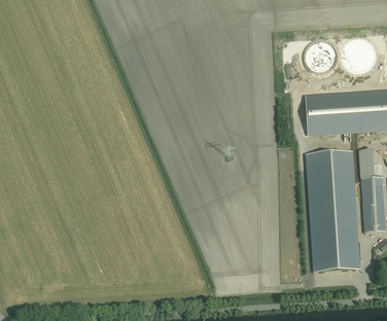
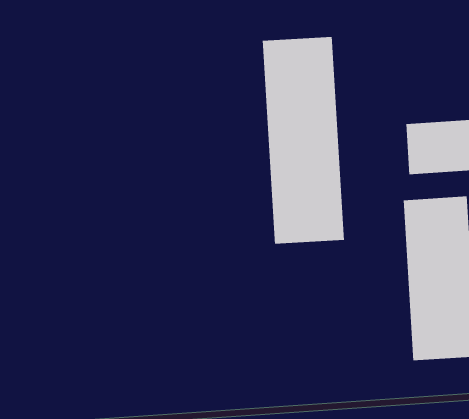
building: none -> [262,36,345,244]

